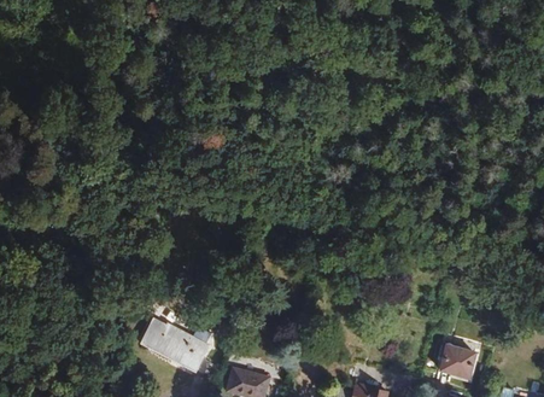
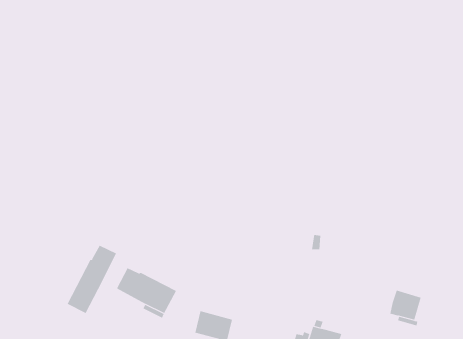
building: none -> [67,245,117,314]

